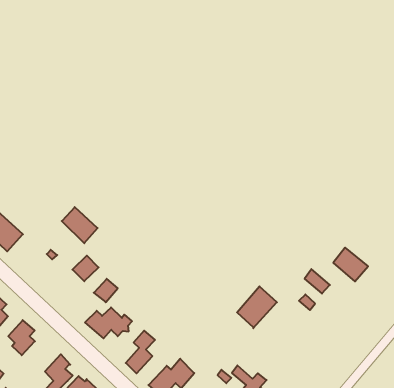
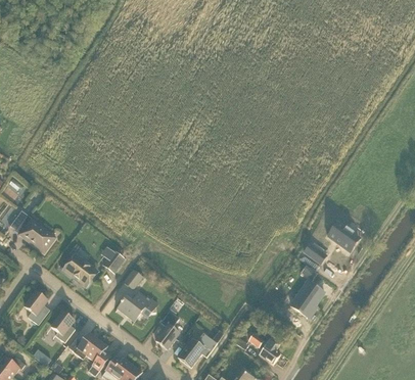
building: [62,207,98,243] -> [64,255,96,286]
building: [237,286,277,328] -> [290,280,324,317]
building: none -> [68,331,98,358]

